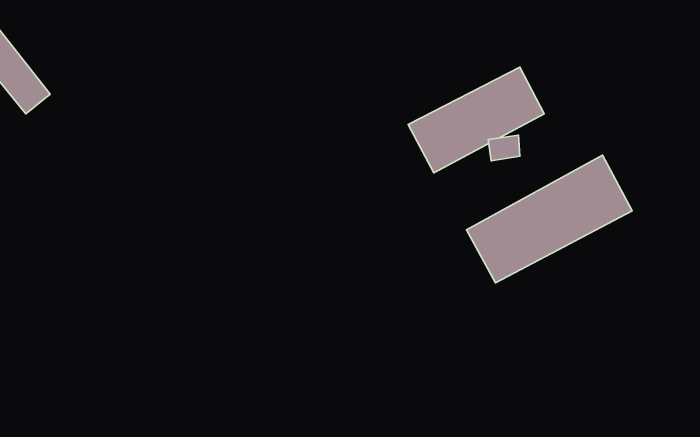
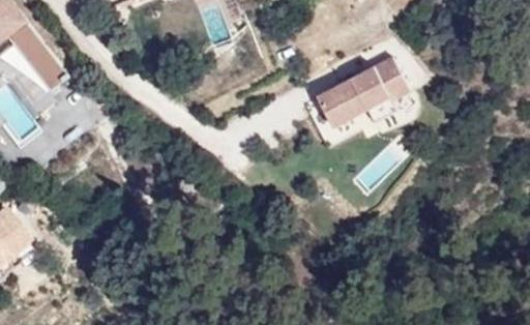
building: [466,155,632,283] -> none

